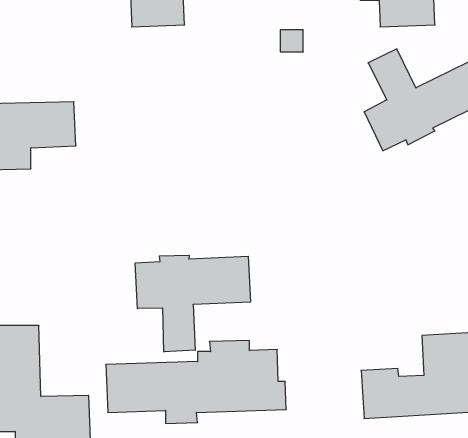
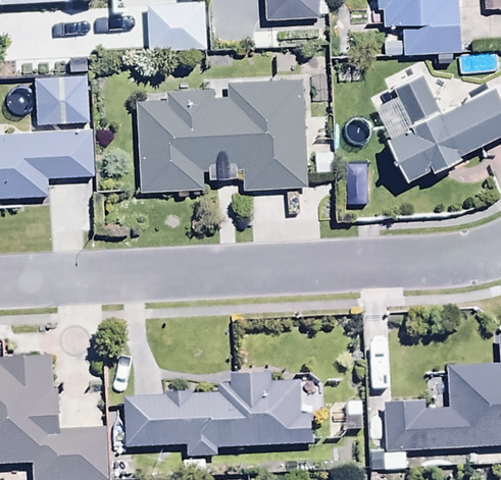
building: none -> [37,57,89,123]
building: none -> [137,79,306,192]
building: [135,255,250,352] -> none

